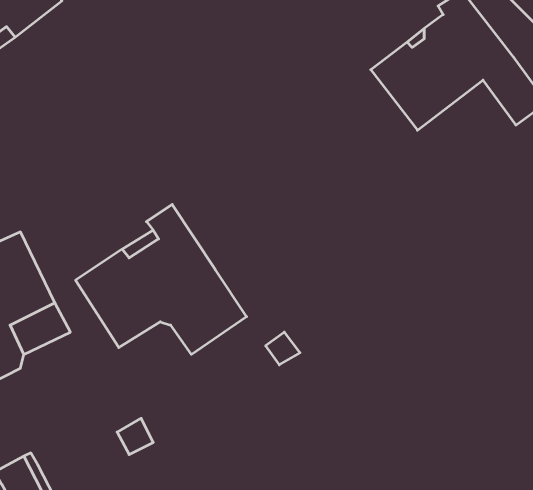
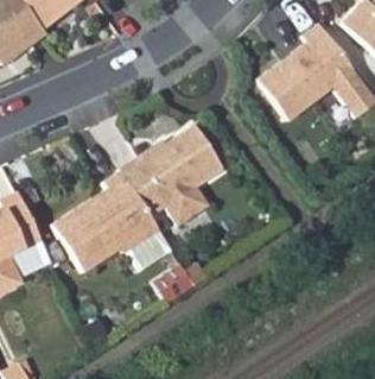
building: none -> [121,126,223,226]

